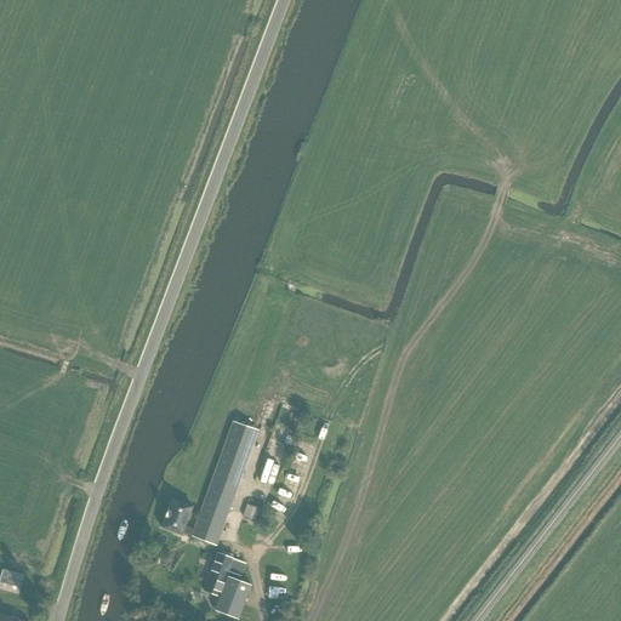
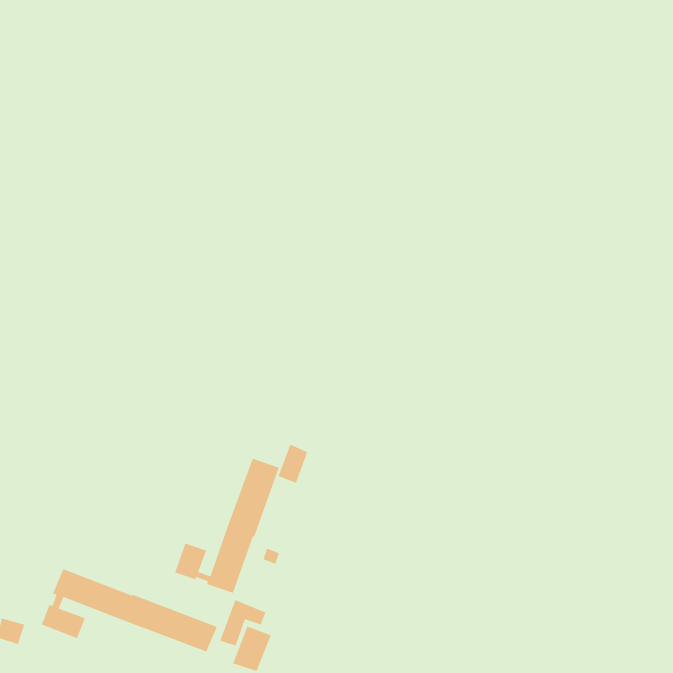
building: none -> [277,444,308,484]
building: none -> [41,568,218,653]

